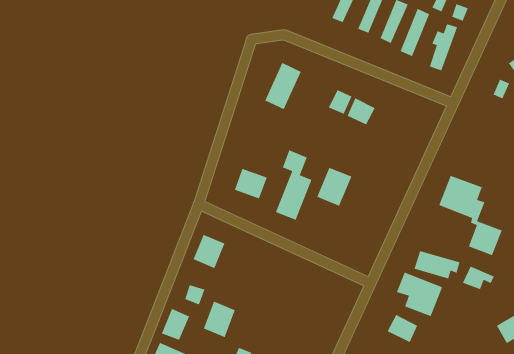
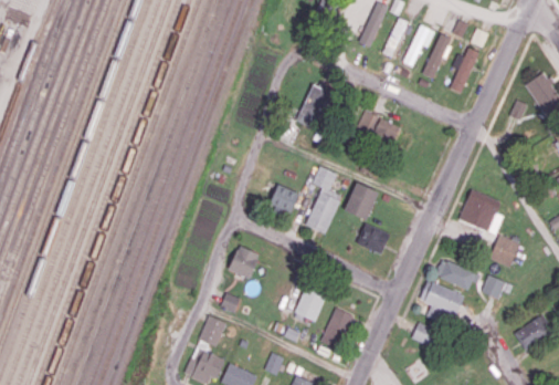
building: none -> [358,225,390,254]
building: none -> [321,308,354,350]
building: [203,300,236,338] -> [295,287,326,322]

